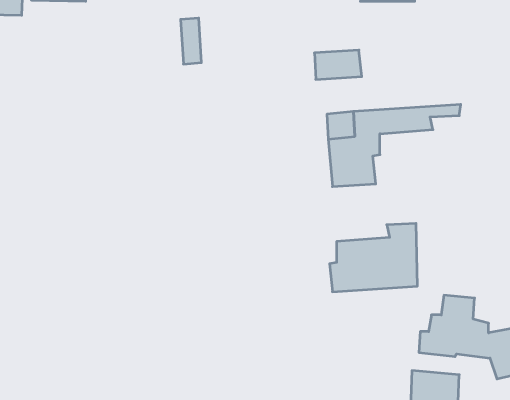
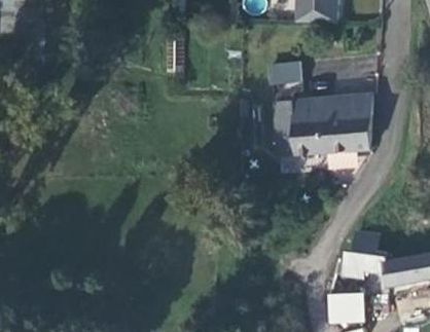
building: [330,223,417,292] -> [304,104,369,154]

